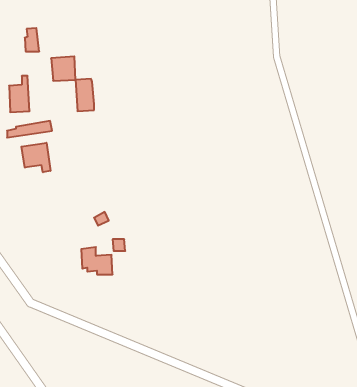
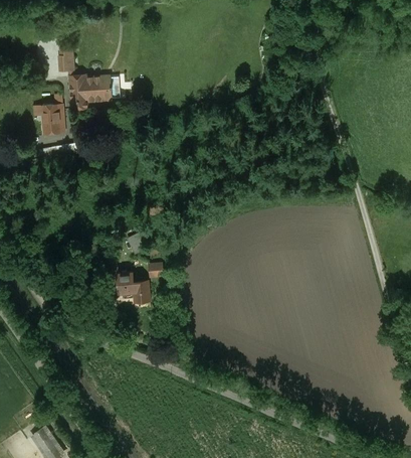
building: [75,79,94,111] -> [68,74,87,108]
building: [21,143,50,172] -> none

